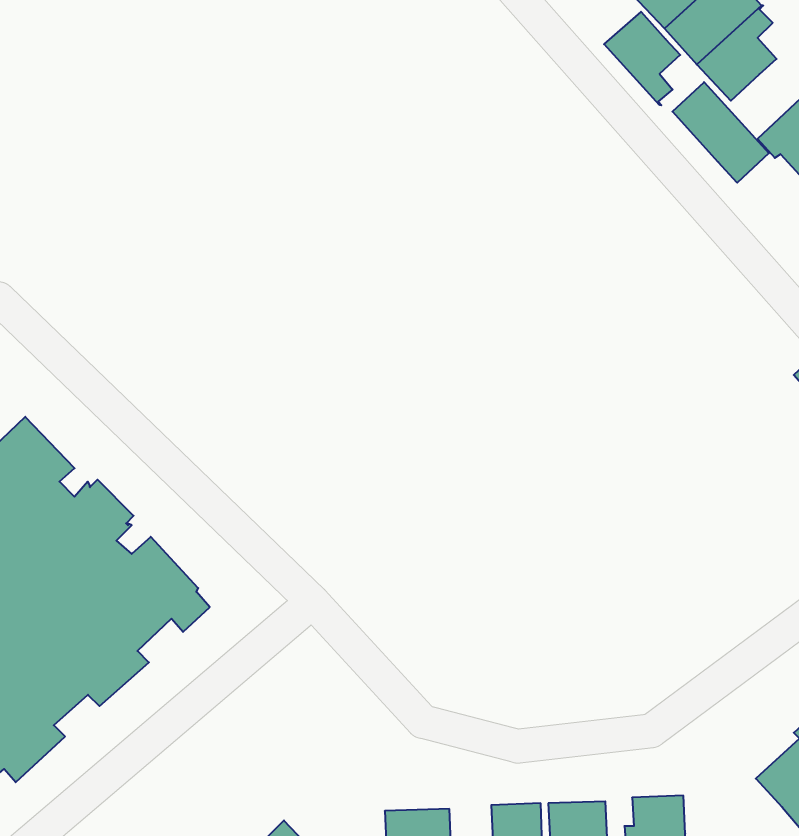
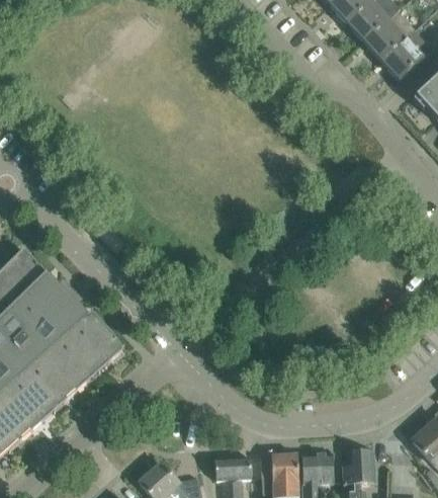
building: [604,12,680,105] -> none
building: [672,82,769,183] -> none

